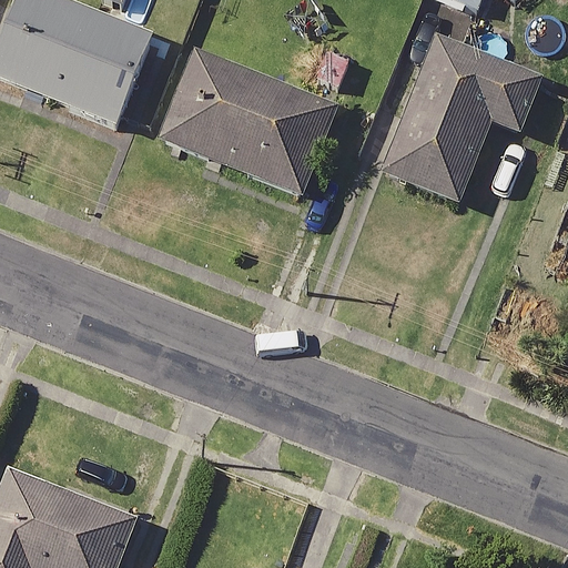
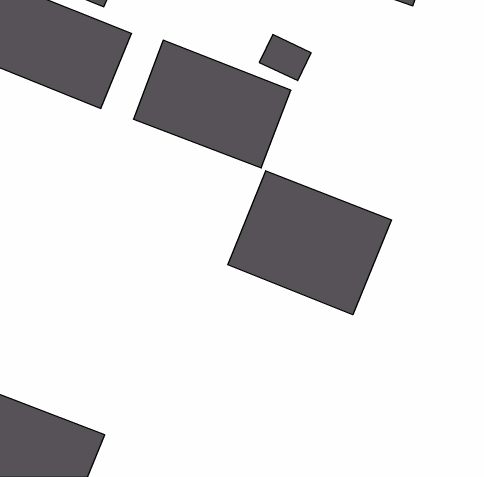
building: [382,31,545,203] -> none
building: none -> [228,171,391,315]

